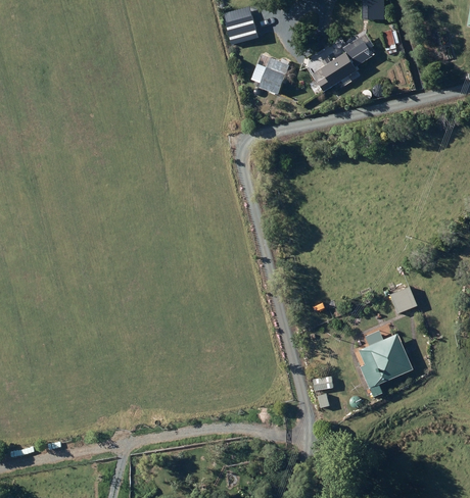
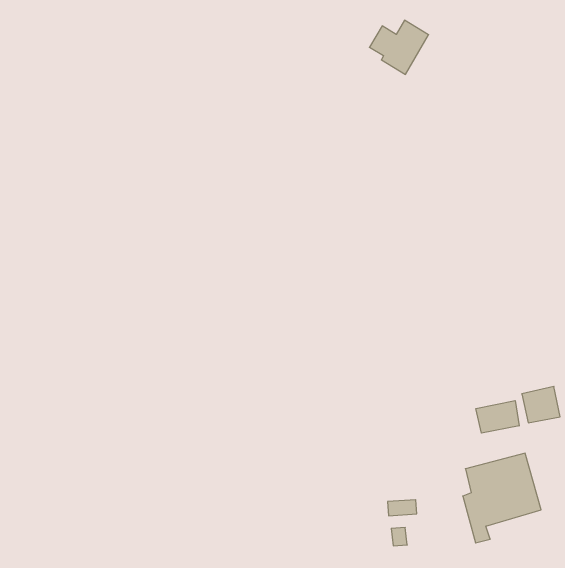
building: [308,41,375,92] -> none
building: none -> [476,401,519,433]

